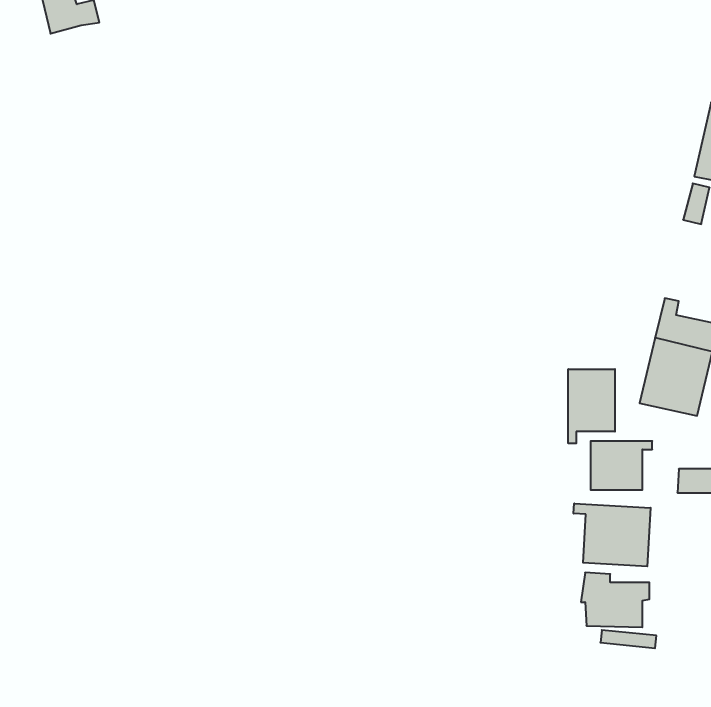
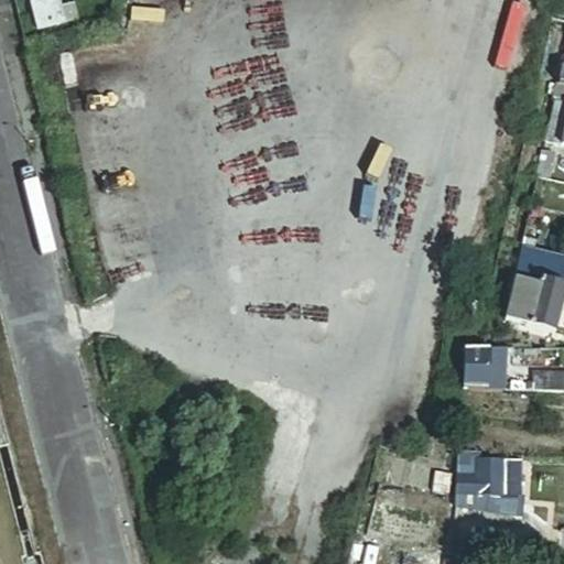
building: [568,369,615,443] -> none
building: [574,503,651,566] -> none

